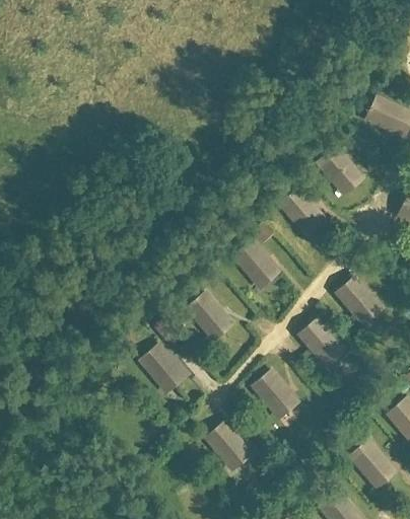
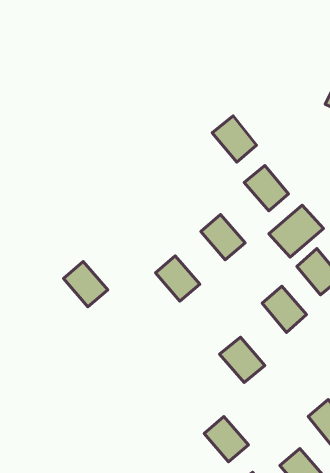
building: [317,146,364,196] -> [212,116,257,162]
building: none -> [269,205,323,257]
building: [139,346,187,394] -> [63,262,108,307]
building: [205,421,253,469] -> [204,417,248,462]

